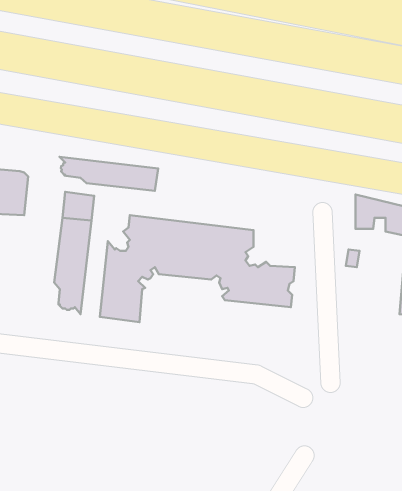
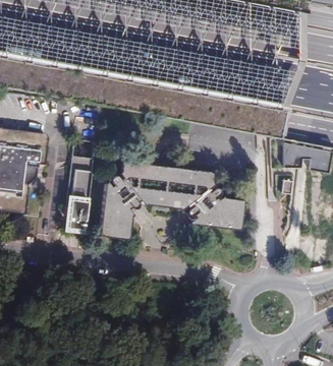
building: [59,157,158,191] -> none

